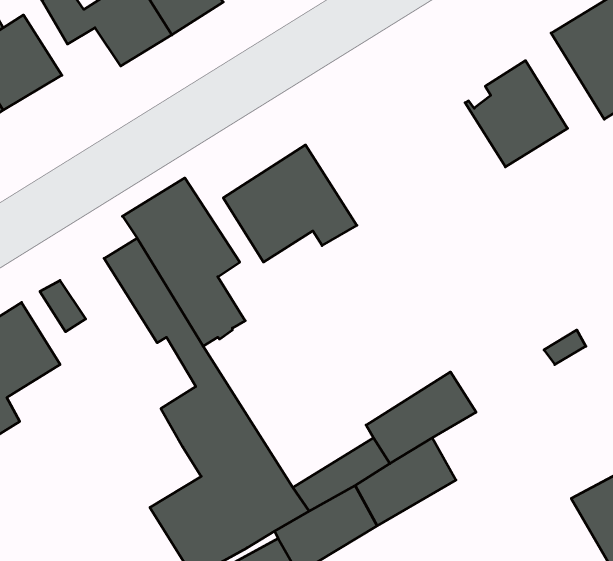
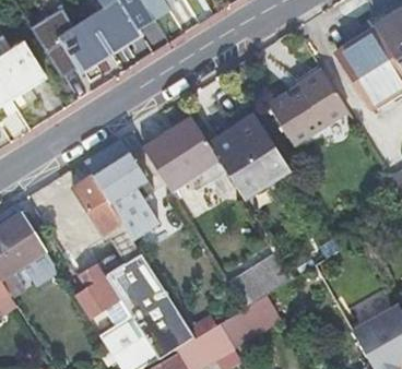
building: none -> [269,94,311,144]
building: none -> [208,115,289,199]
building: none -> [78,263,119,316]

